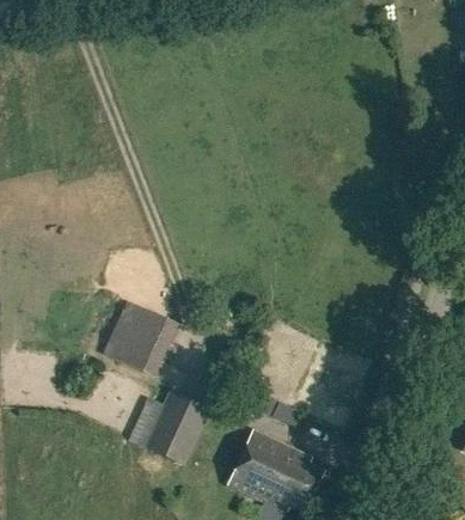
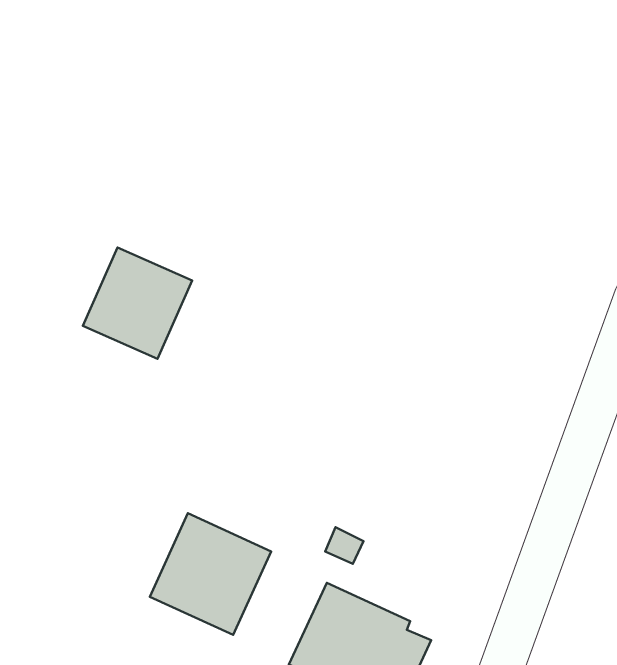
building: [103,299,178,375] -> [83,247,192,359]

